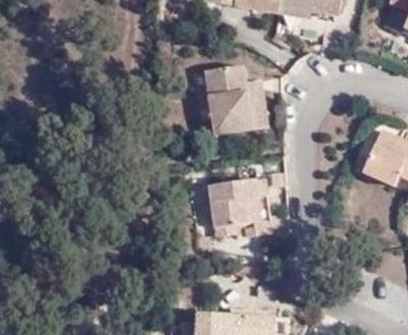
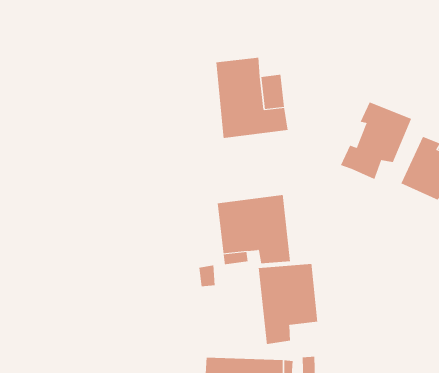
building: none -> [340,101,412,180]
building: none -> [258,263,318,345]

